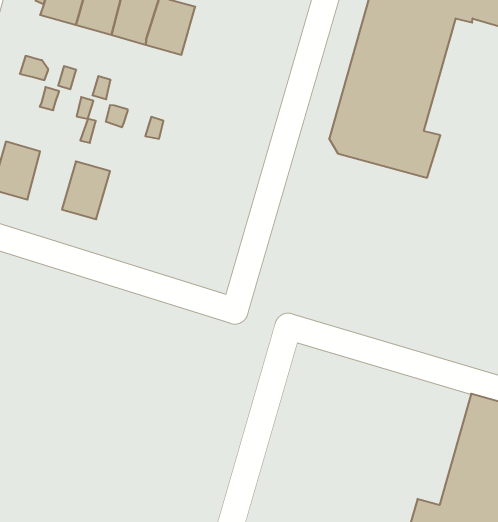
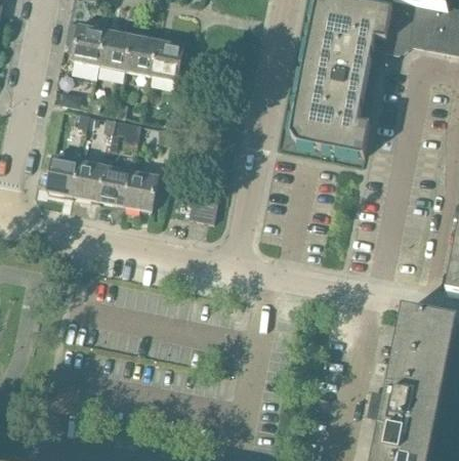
building: none -> [72,160,105,201]
building: none -> [123,170,157,211]
building: none -> [186,198,215,223]

